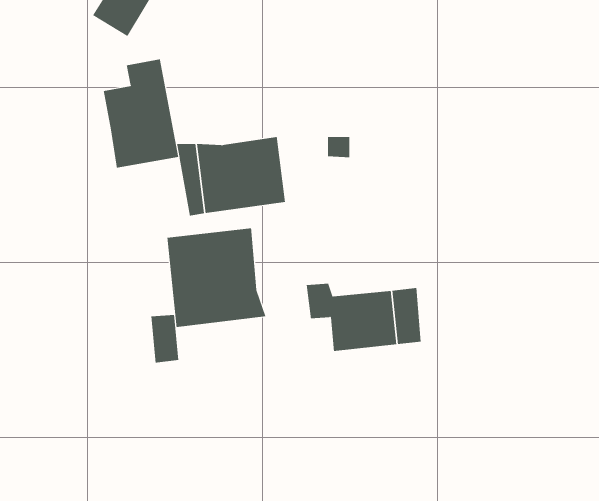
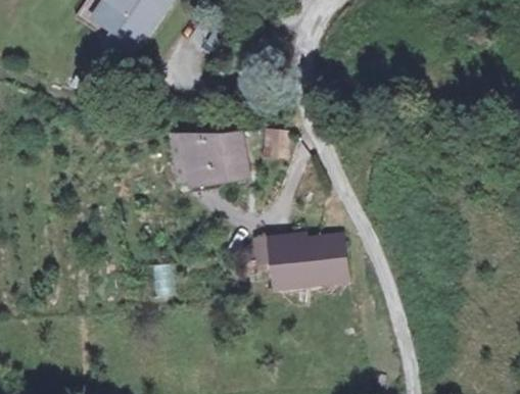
building: [103,59,179,169] -> none
building: [167,227,266,328] -> none

